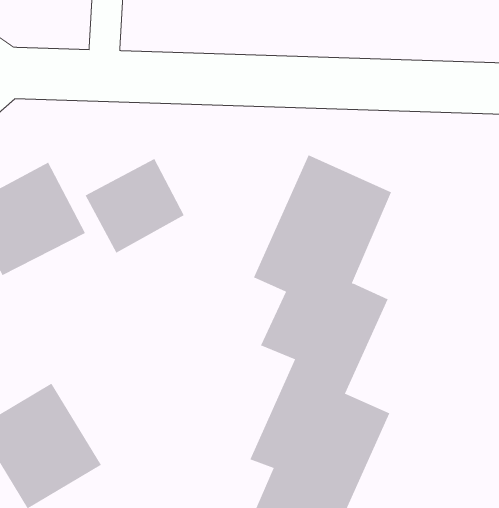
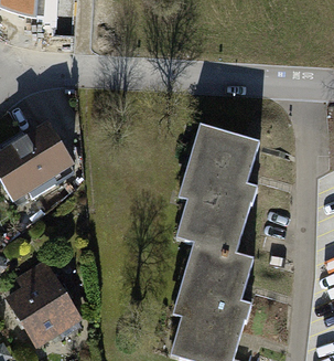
building: [85,158,185,253] -> none

